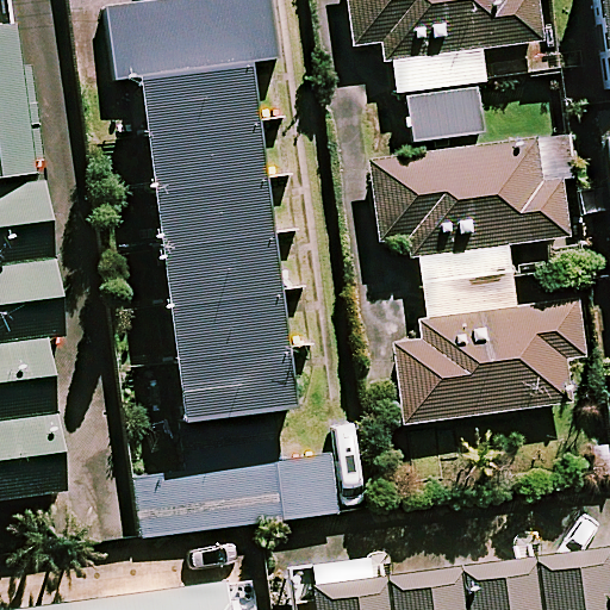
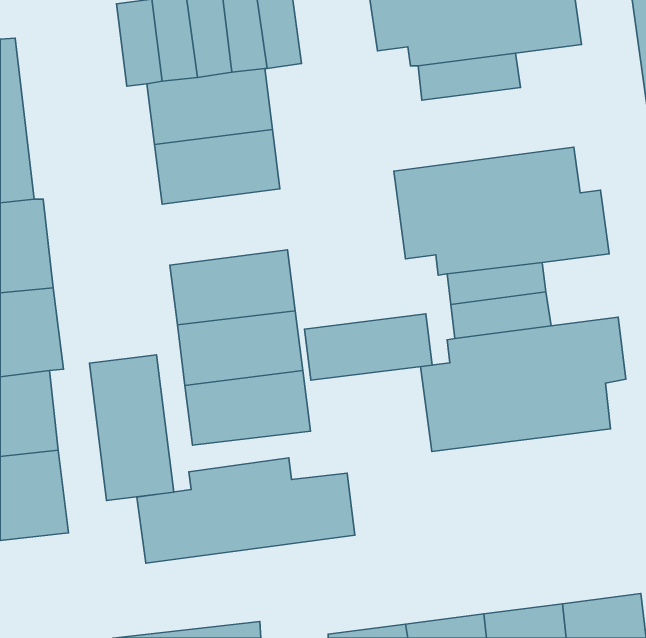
building: [154,178,272,249] -> none
building: none -> [304,314,432,380]
building: none -> [89,355,174,501]

